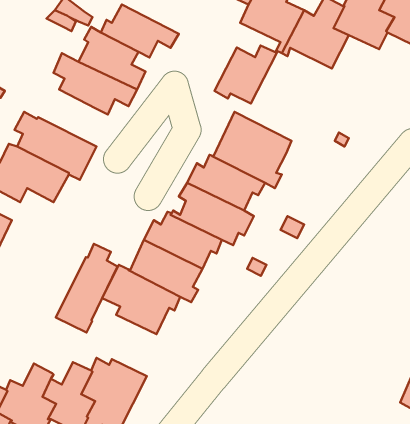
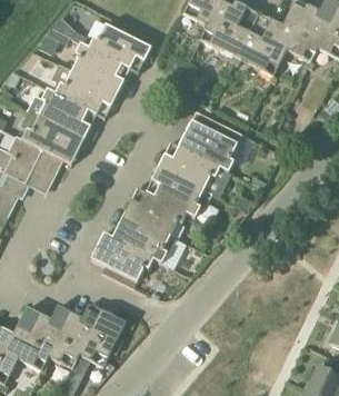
building: [215,45,277,104] -> none
building: none -> [29,88,93,137]
building: [56,244,118,333] -> none

